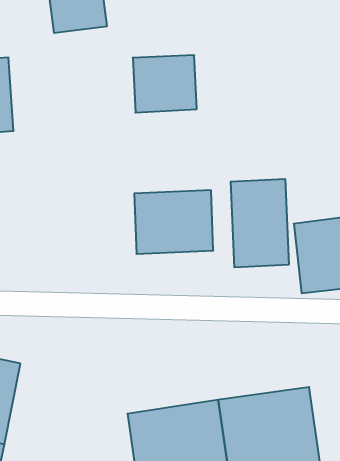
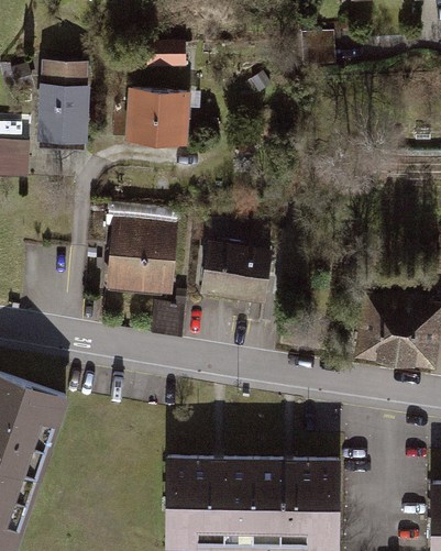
building: [133,55,197,113] -> [124,85,190,144]
building: none -> [107,211,184,293]
building: [231,179,289,267] -> none

